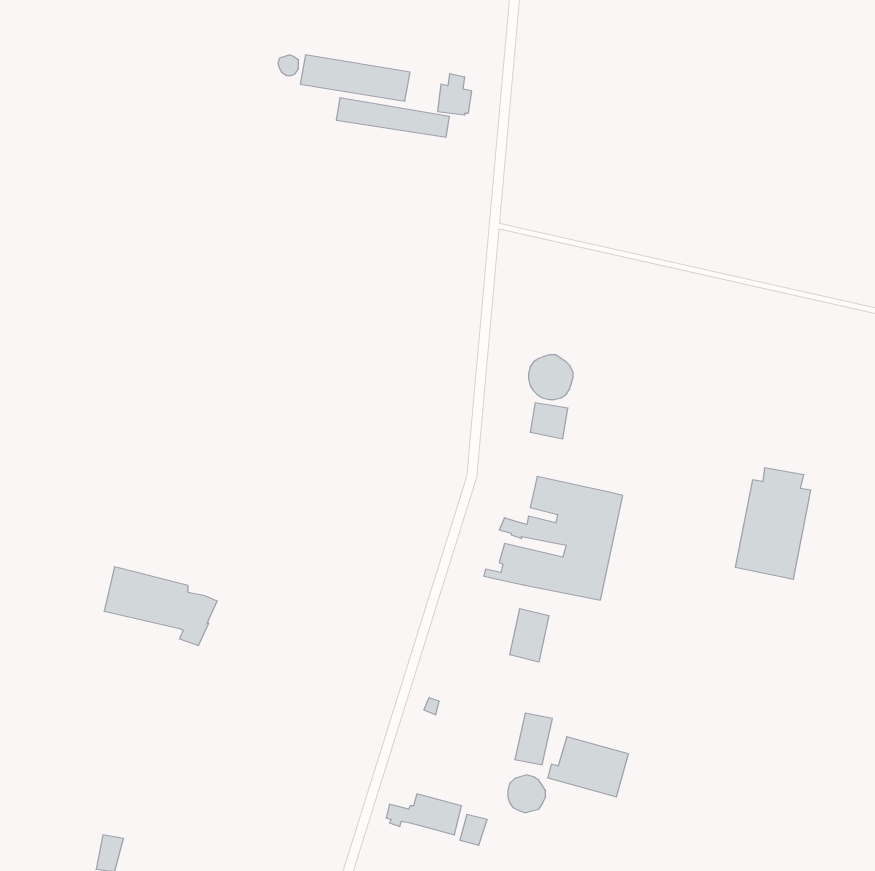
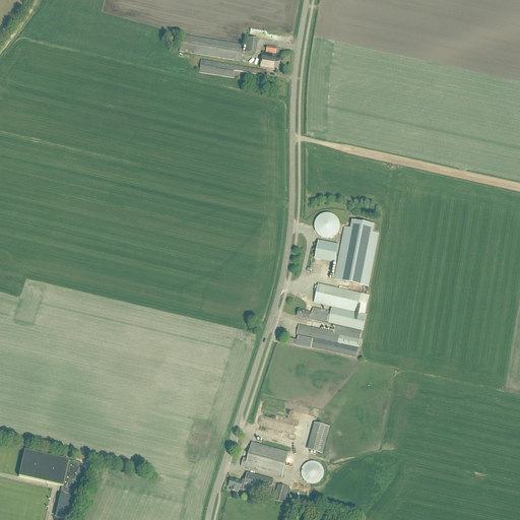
building: [735,468,811,579] -> [333,218,378,284]
building: [104,567,217,646] -> [17,448,84,495]
building: [510,608,549,662] -> none
building: [548,737,628,797] -> [241,440,288,475]

